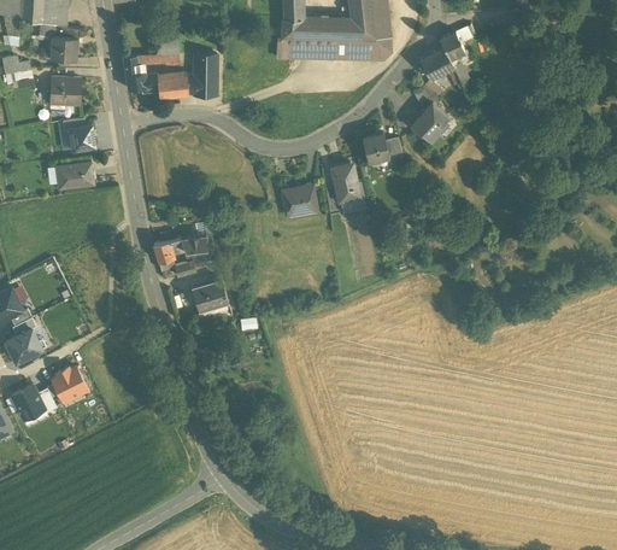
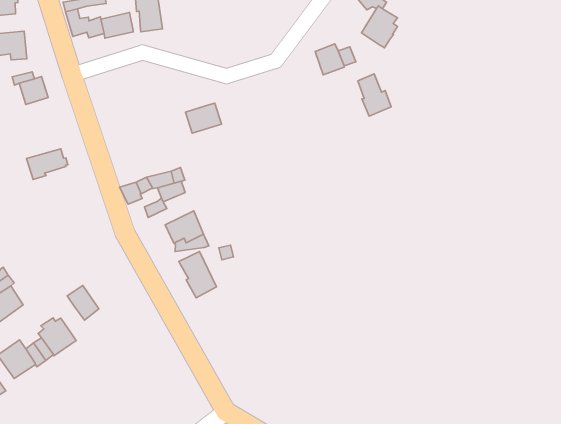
building: [334,163,363,204] -> [358,74,391,116]
building: [55,164,95,191] -> [27,149,68,180]
building: [283,185,317,211] -> [185,103,221,133]
building: none -> [179,252,217,298]
building: none -> [67,285,99,320]

